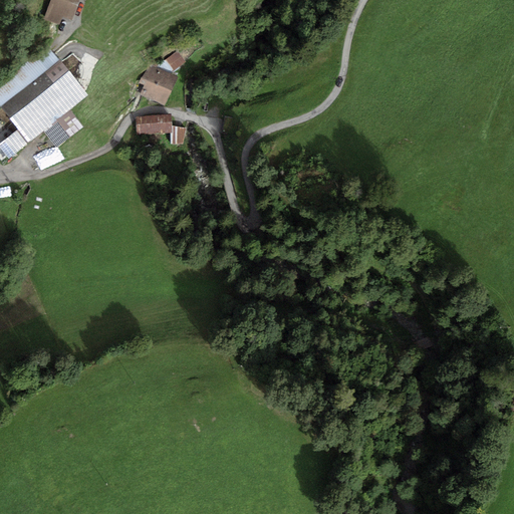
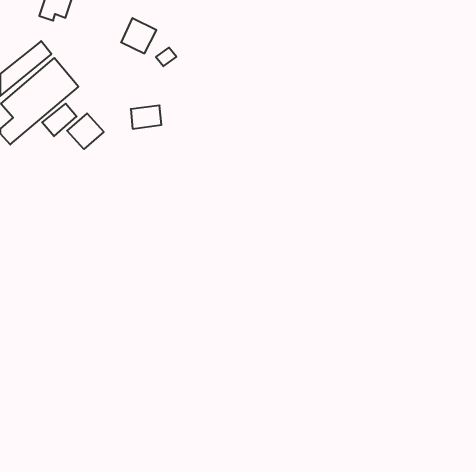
building: [140,63,178,101] -> [121,18,156,53]
building: none -> [67,113,104,149]

